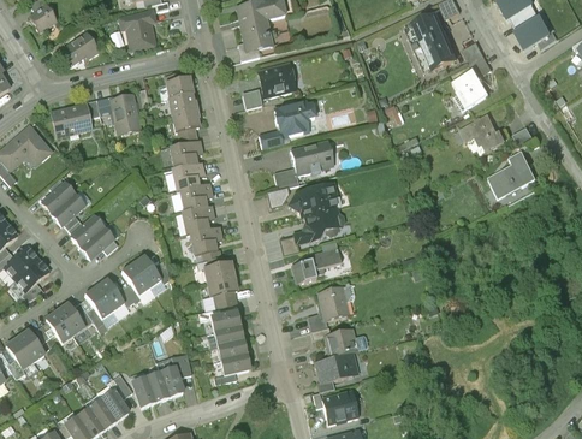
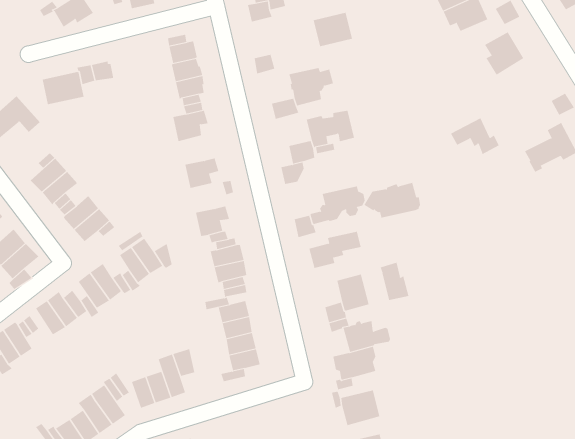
building: [259,64,295,95] -> [313,12,353,47]
building: [114,94,138,129] -> none
building: [459,114,504,148] -> [450,117,499,155]
building: [172,162,203,190] -> none
building: [289,183,340,215] -> [364,182,421,218]
building: [182,206,213,233] -> none
building: none -> [380,262,409,301]

